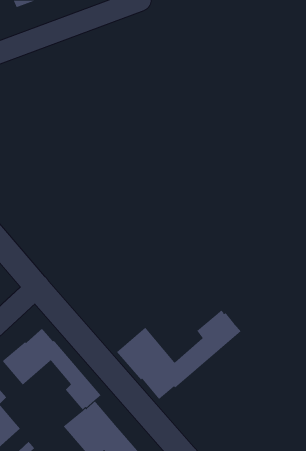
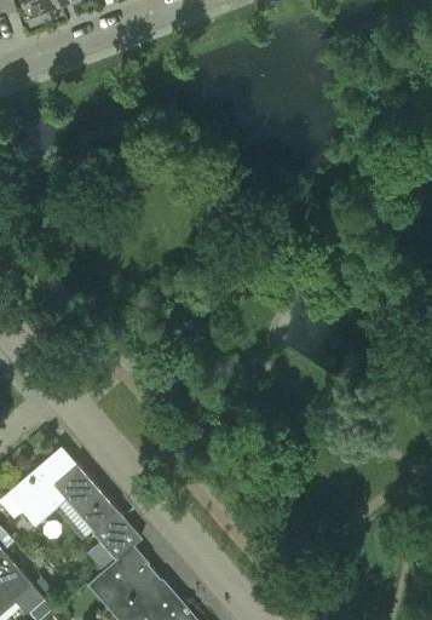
building: [116,309,241,400] -> none

